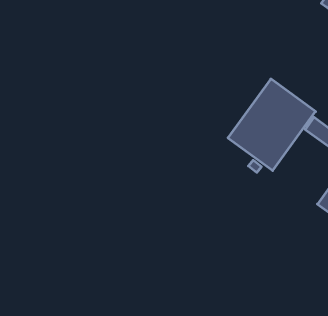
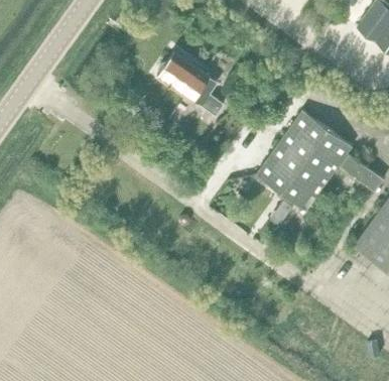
building: none -> [156,51,224,115]

